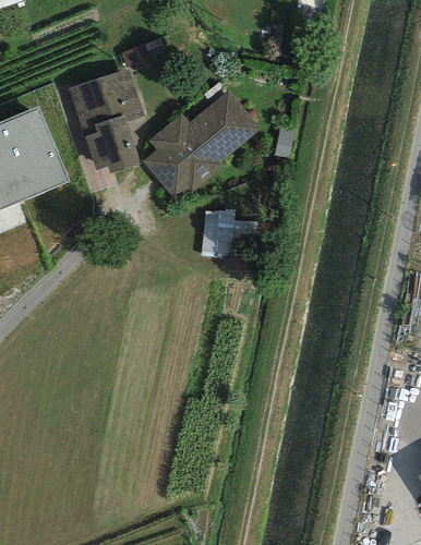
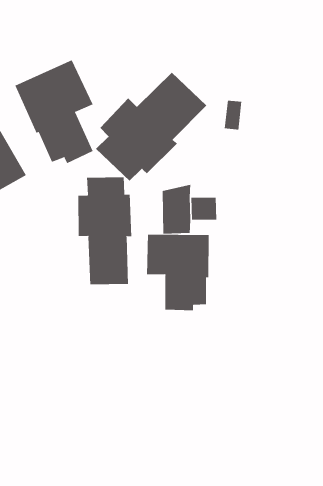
building: none -> [78,177,132,285]
building: none -> [146,234,209,311]

